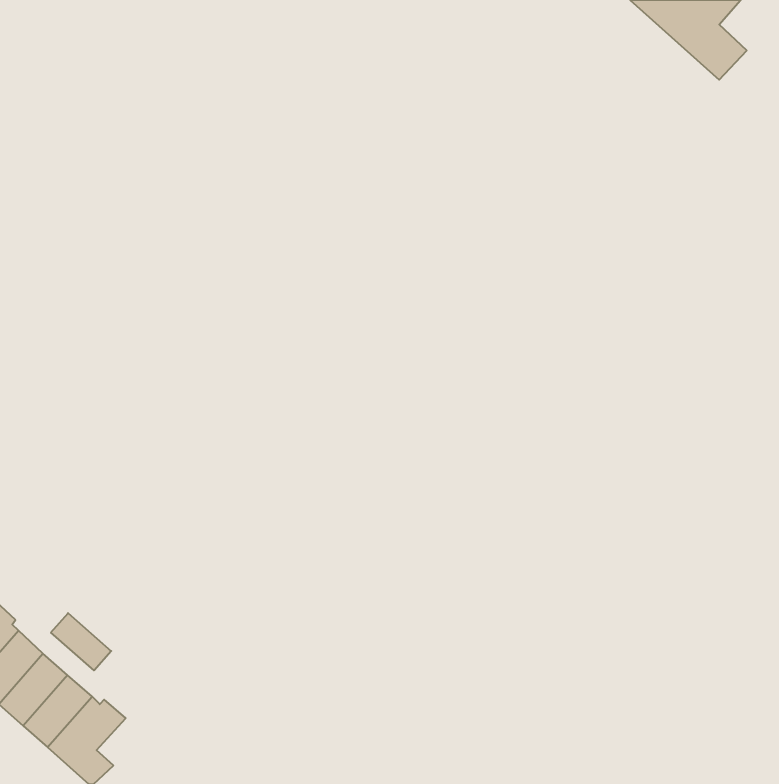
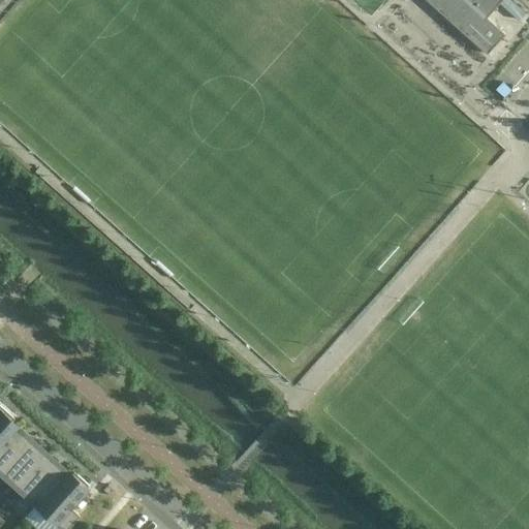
building: [51,613,111,670] -> none

